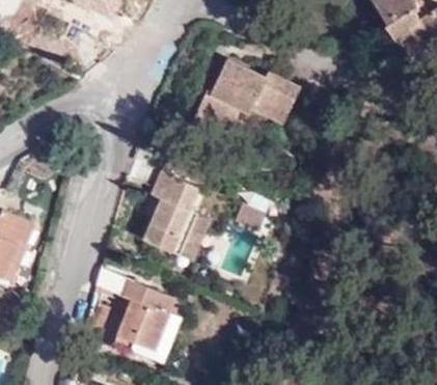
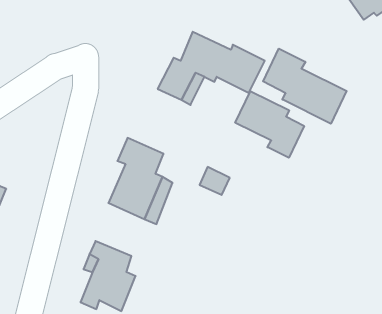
building: none -> [263,49,347,124]
building: none -> [235,91,304,158]

